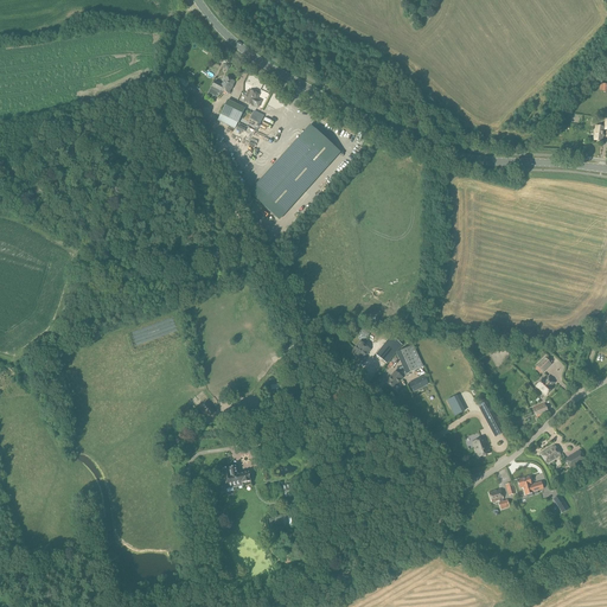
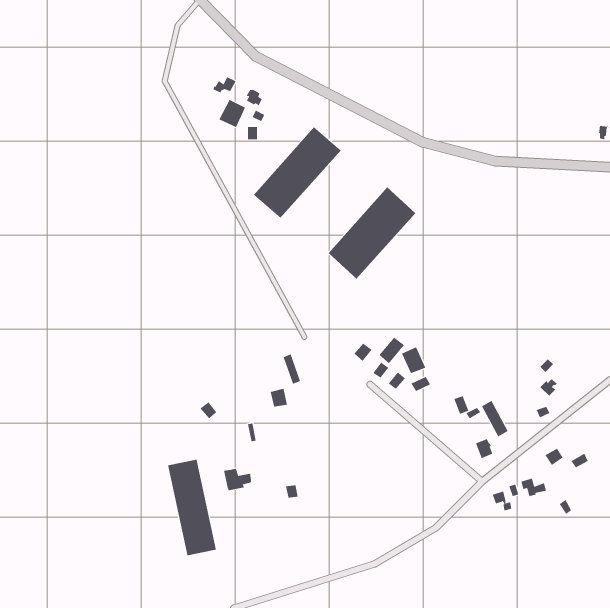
building: none -> [328,187,416,280]
building: none -> [168,459,216,556]

